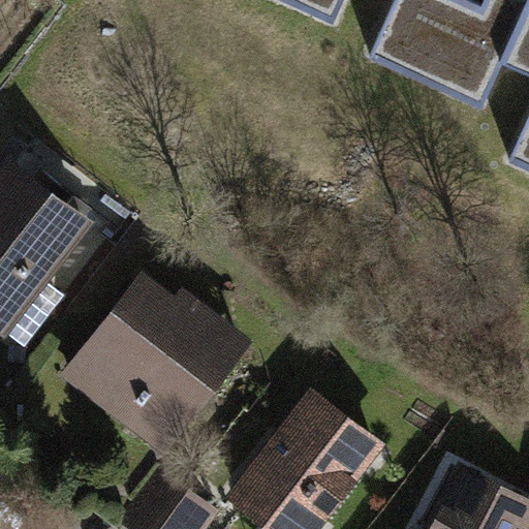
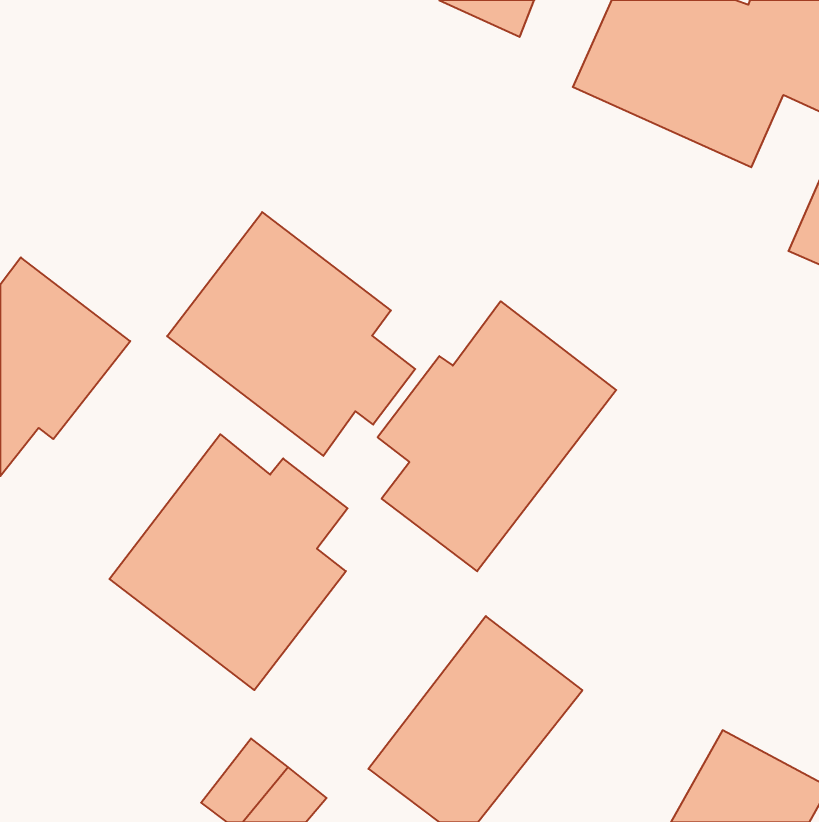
building: none -> [167,212,415,456]
building: none -> [378,301,616,571]

